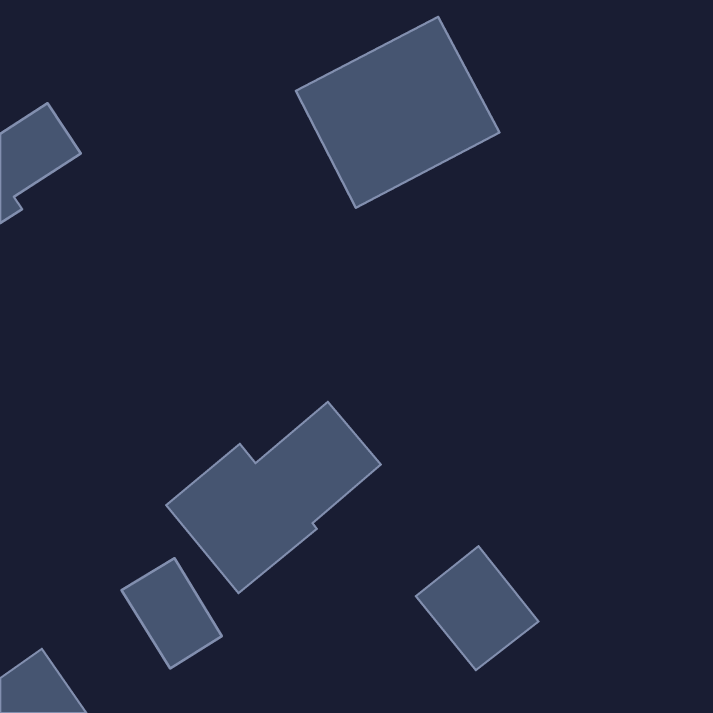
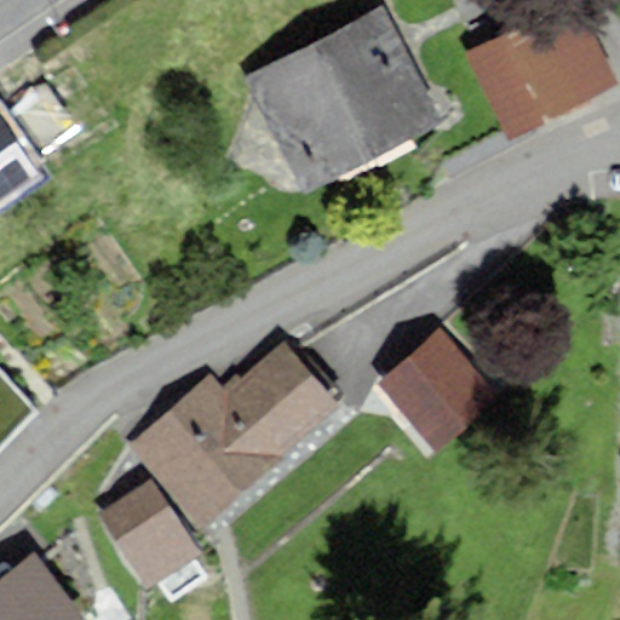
building: none -> [467,7,604,132]
building: [416,546,539,670] -> [386,335,493,443]

